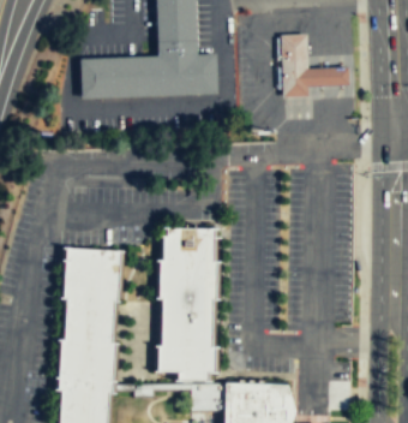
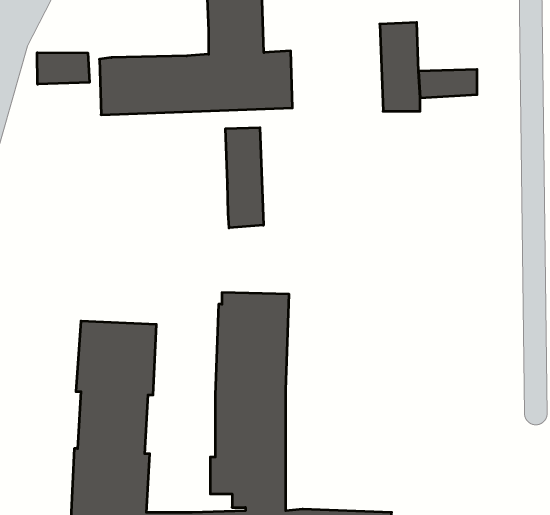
building: none -> [37,53,89,84]
building: none -> [226,128,263,228]

